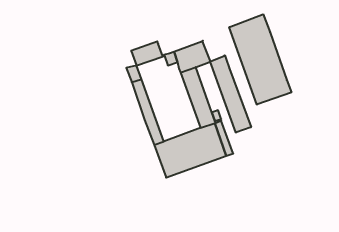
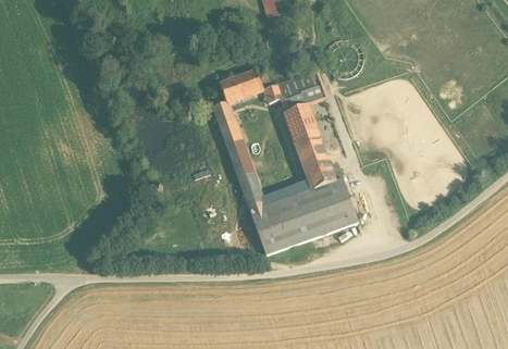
building: [229,14,291,105] -> none
building: [210,55,251,133] -> none

